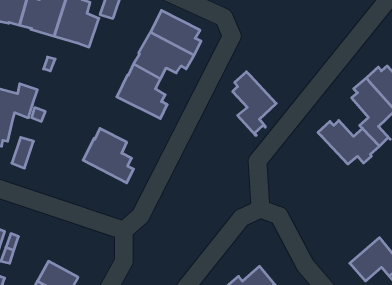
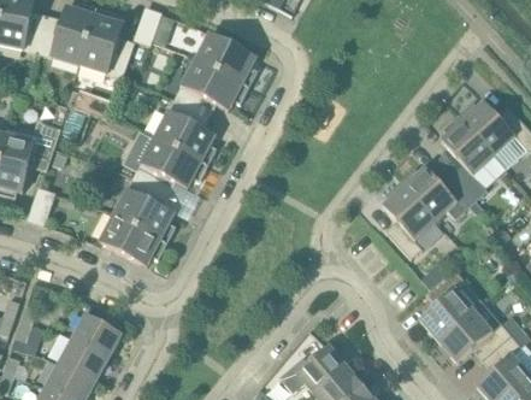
building: [233,72,276,135] -> [383,182,436,259]
building: none -> [135,139,208,194]
building: none -> [100,216,167,266]
building: none -> [419,269,483,341]
building: none -> [72,313,123,358]

